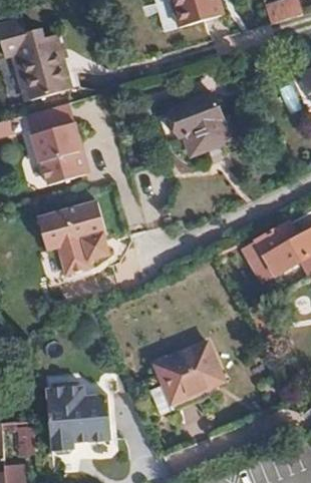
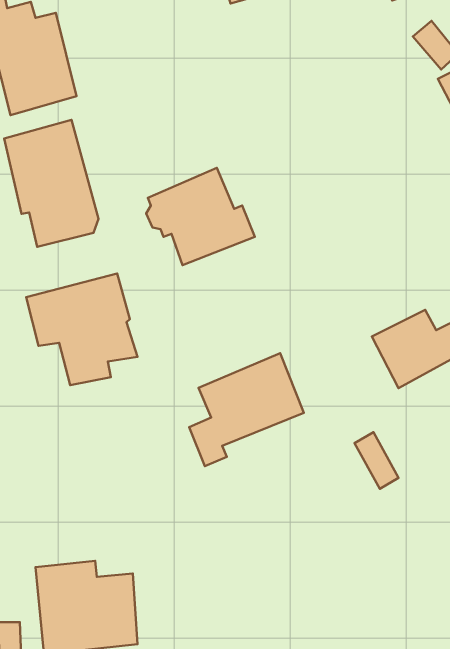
building: [169,92,238,154] -> [146,168,255,265]
building: [148,343,222,415] -> [189,353,304,466]

